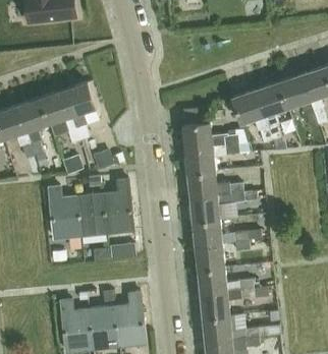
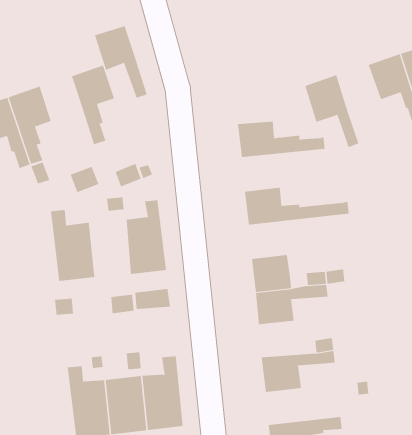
building: [256,81,287,149] -> none
building: [41,90,79,142] -> [94,25,148,99]
building: [186,142,249,173] -> none
building: [192,190,257,222] -> none
building: [76,193,106,235] -> none
building: [199,267,227,293] -> none
building: [204,315,259,342] -> none

